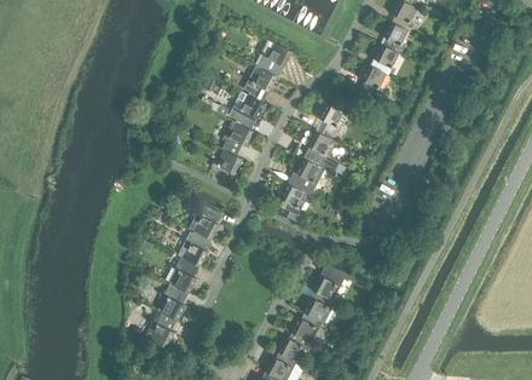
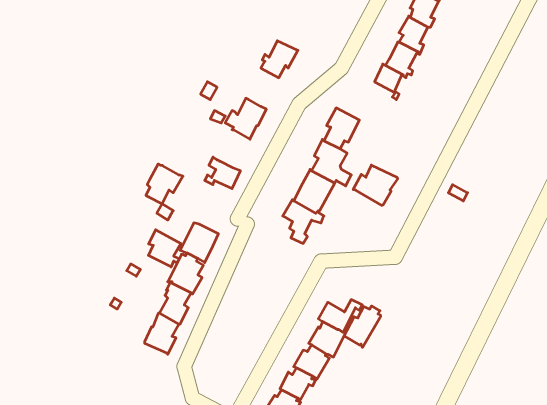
building: [243,65,277,100] -> none
building: [221,120,254,155] -> [146,164,183,204]
building: none -> [353,165,398,205]
building: none -> [148,230,181,267]
building: none -> [344,306,381,347]
building: [145,310,177,349] -> none

